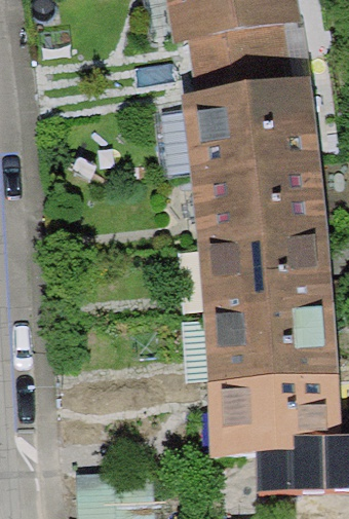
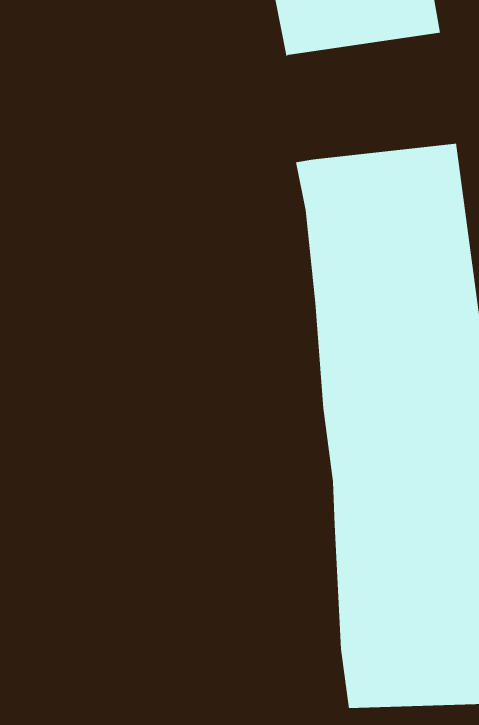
building: [192,25,300,106] -> none

